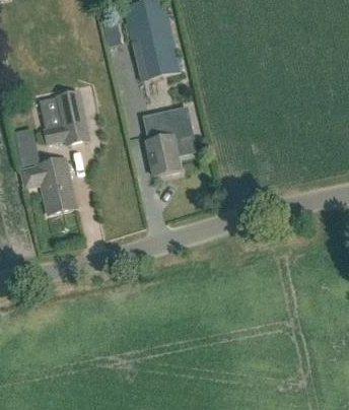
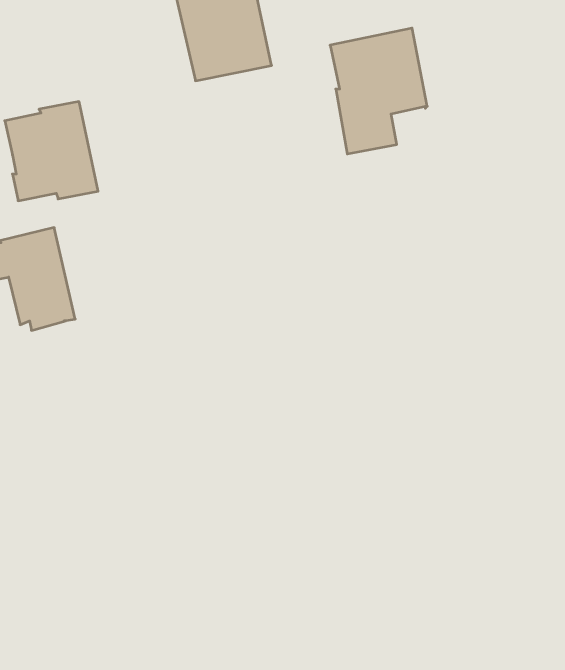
building: [143,108,195,175] -> [330,28,427,154]

